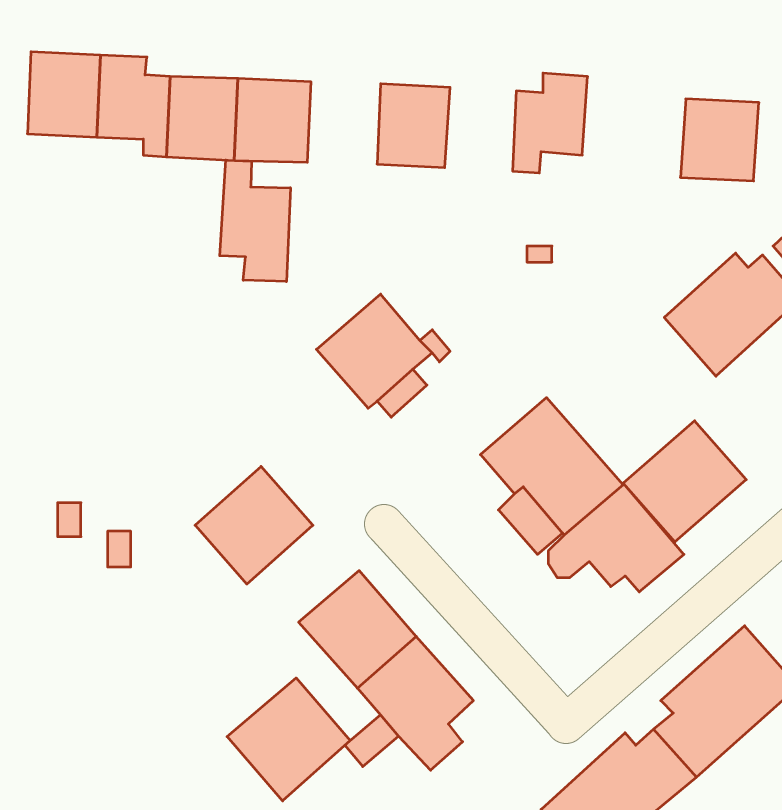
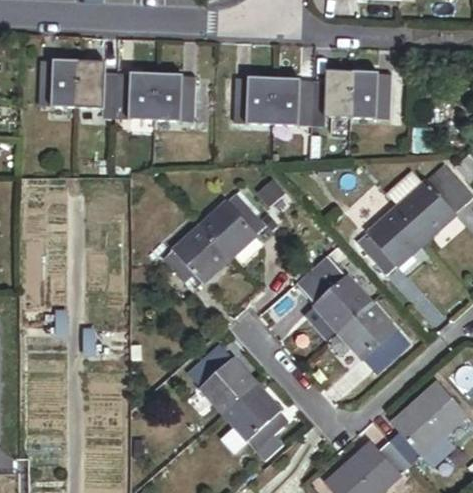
building: none -> [273,78,313,125]
building: [680,99,759,181] -> [350,72,394,118]
building: [220,160,290,282] -> none
building: [623,421,746,542] -> [356,207,425,275]
building: [195,466,313,584] -> [164,225,230,291]
building: [227,678,350,801] -> none

